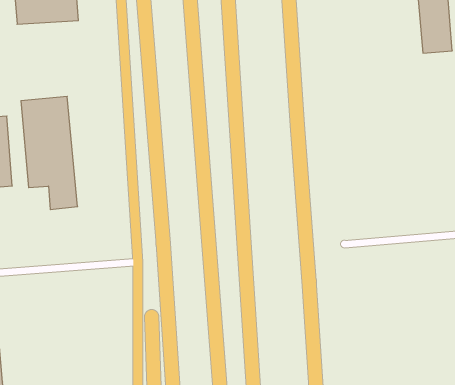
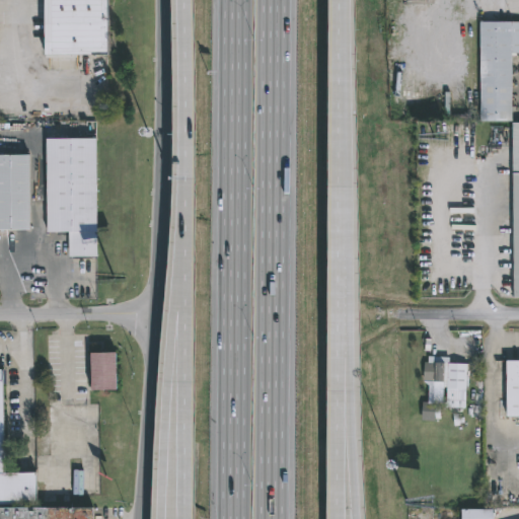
building: none -> [422,356,467,421]
building: none -> [90,353,117,390]

